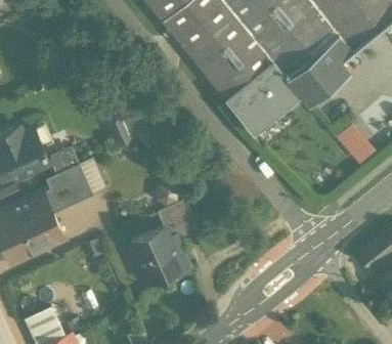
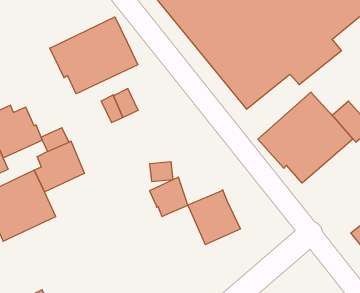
building: none -> [50,17,138,94]
building: none -> [258,92,353,183]
building: [130,227,182,282] -> [188,190,240,244]

